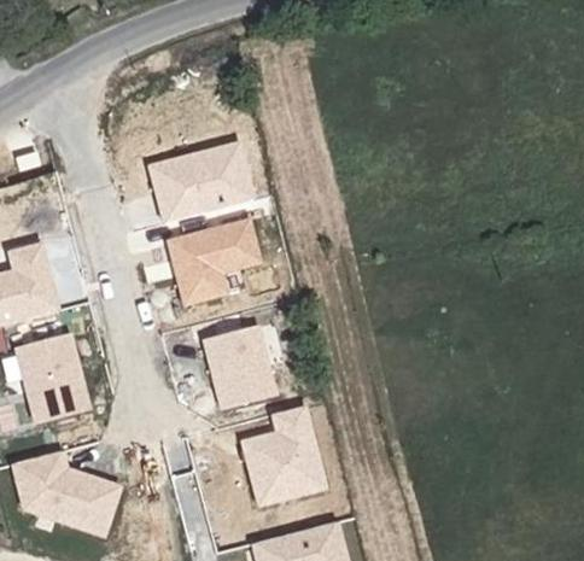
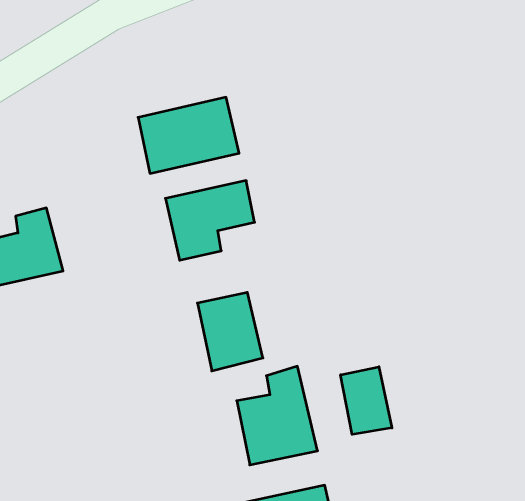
building: [21,337,88,420] -> none
building: none -> [341,367,392,434]
building: [10,449,118,533] -> none

